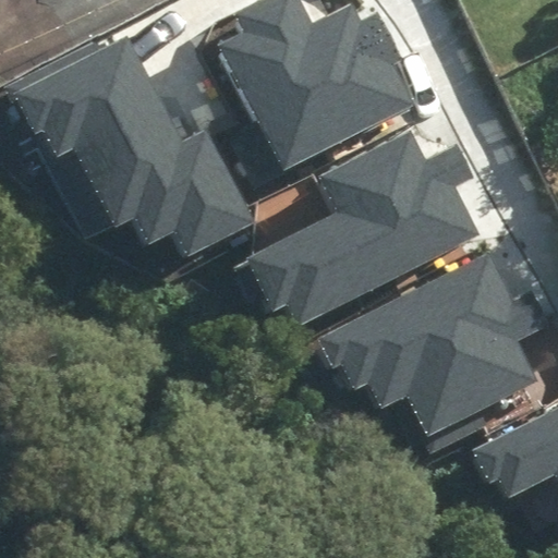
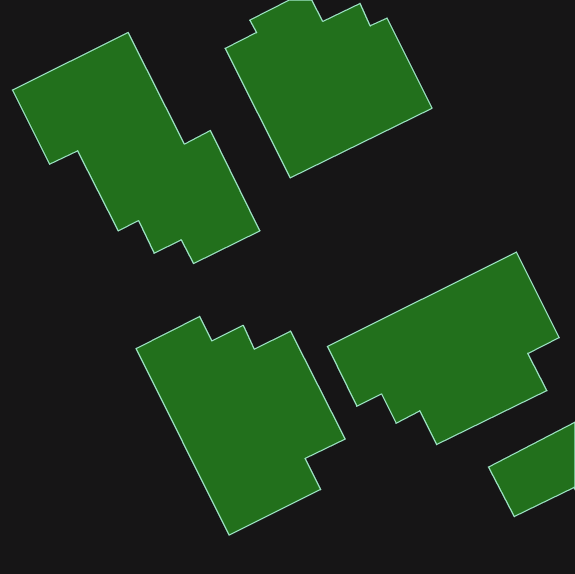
building: [244,130,477,323] -> none
building: none -> [136,316,345,535]

